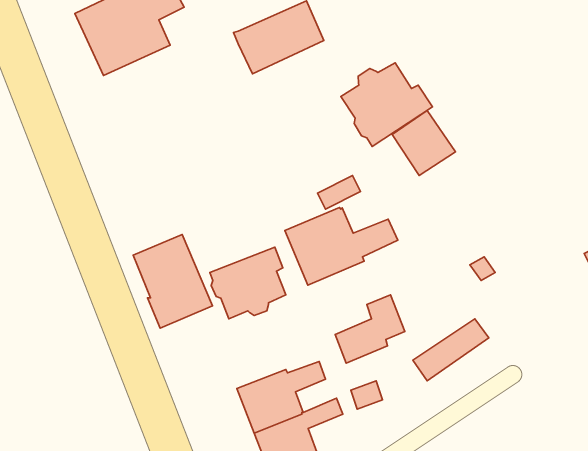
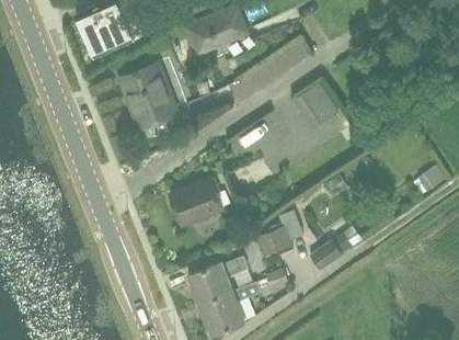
building: [341,63,432,146] -> none
building: [285,208,398,285] -> none
building: [133,234,212,328] -> [122,63,176,127]

